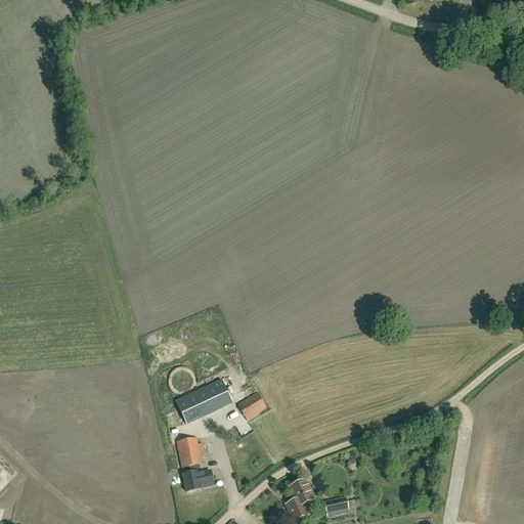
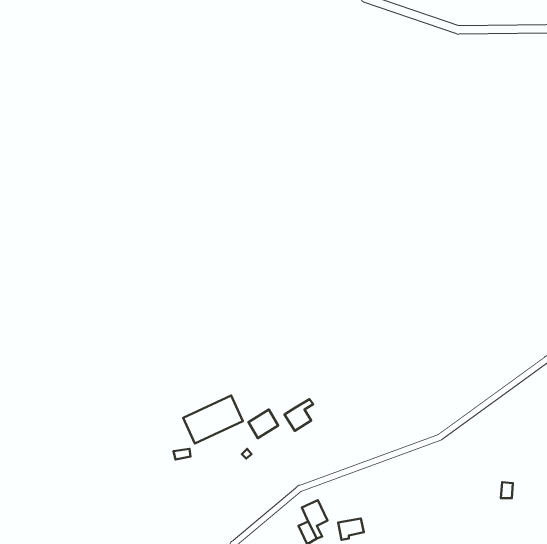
building: none -> [285,399,313,431]
building: [176,438,213,491] -> none

